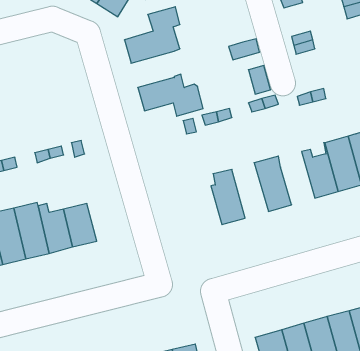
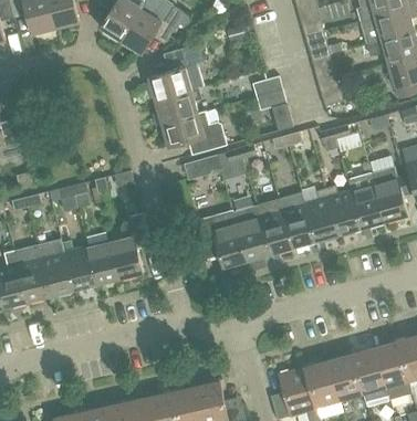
building: none -> [154,88,201,127]
building: none -> [304,189,338,242]
building: none -> [256,200,292,255]
building: none -> [196,211,246,269]
building: none -> [111,214,150,278]

